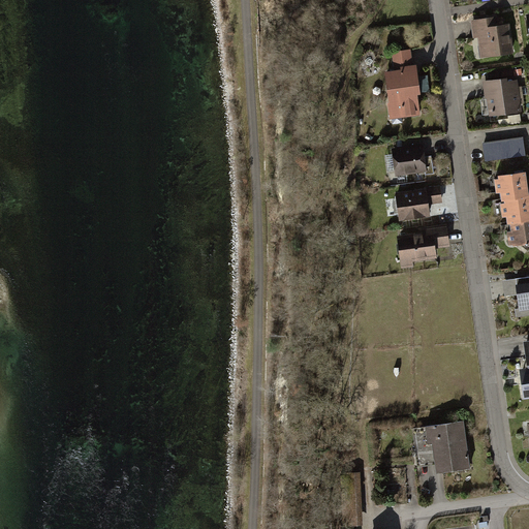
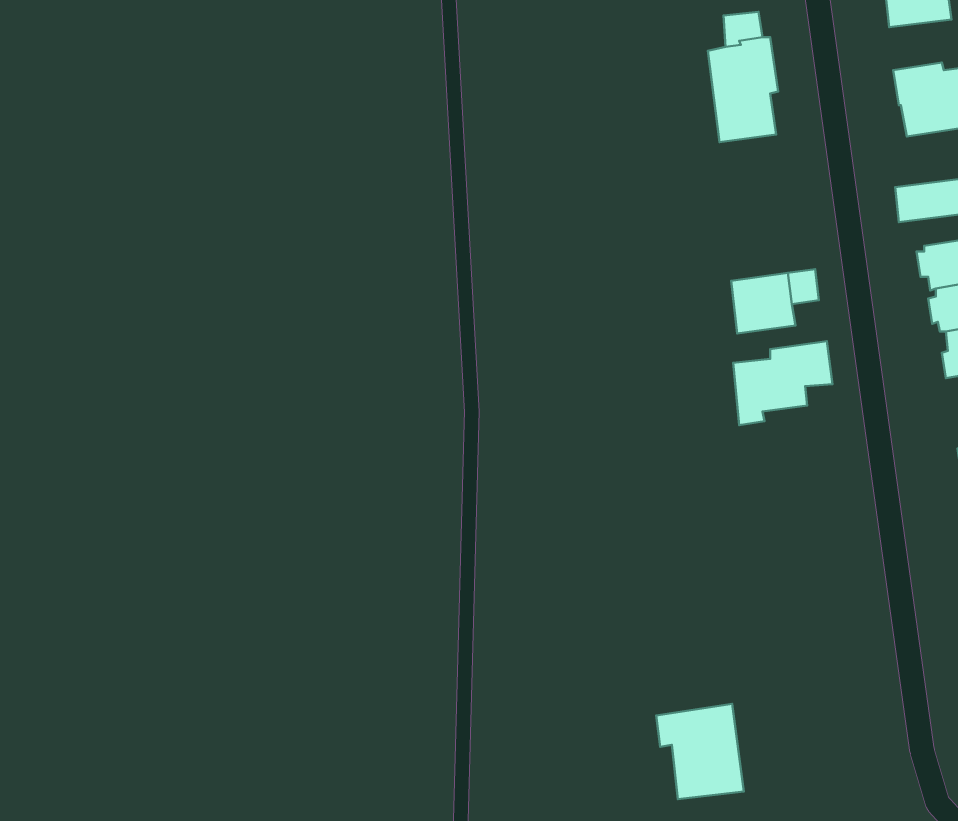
building: [391,146,426,177] -> none
building: [424,422,470,472] -> [656,704,744,799]

